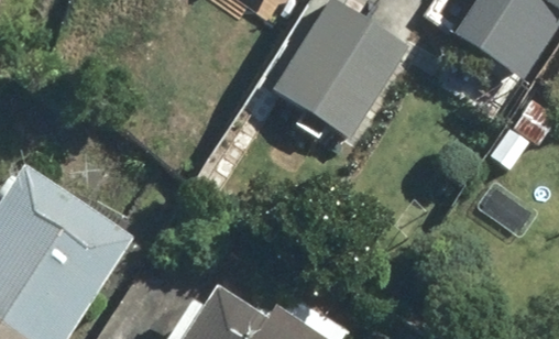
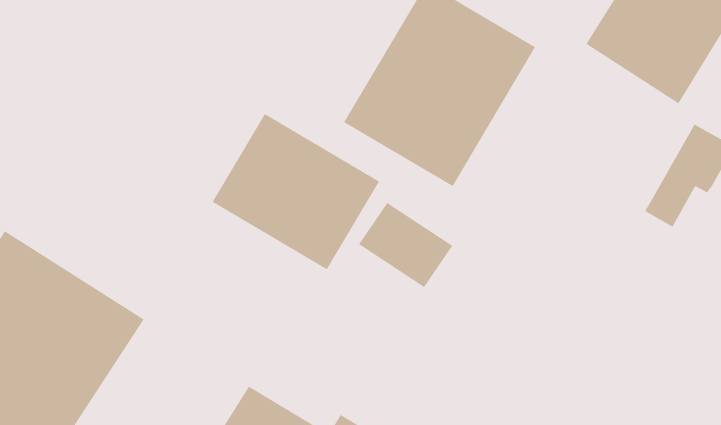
building: none -> [212,113,380,270]

